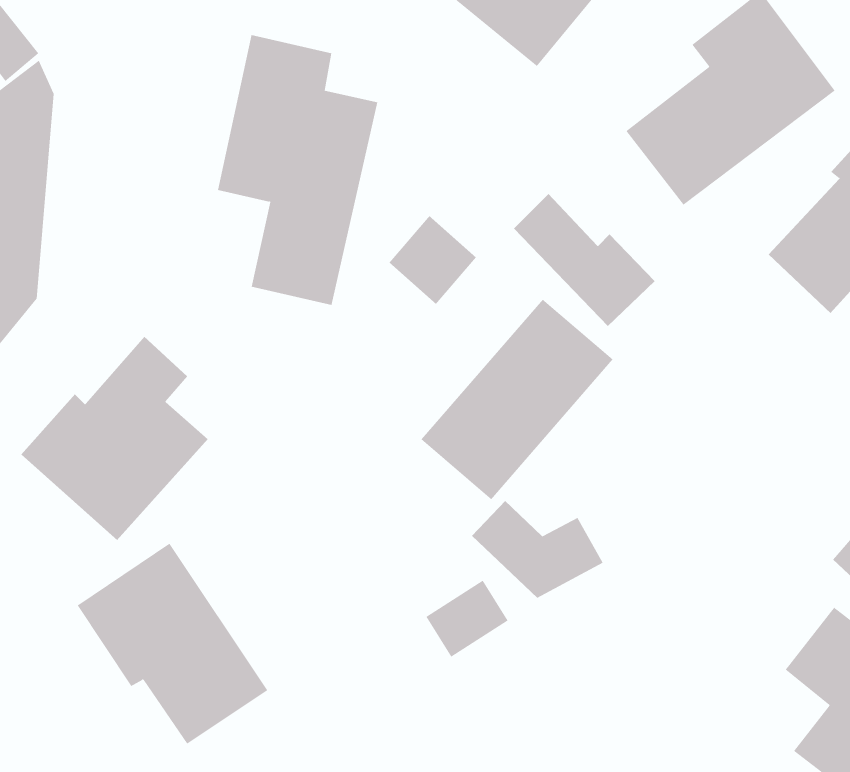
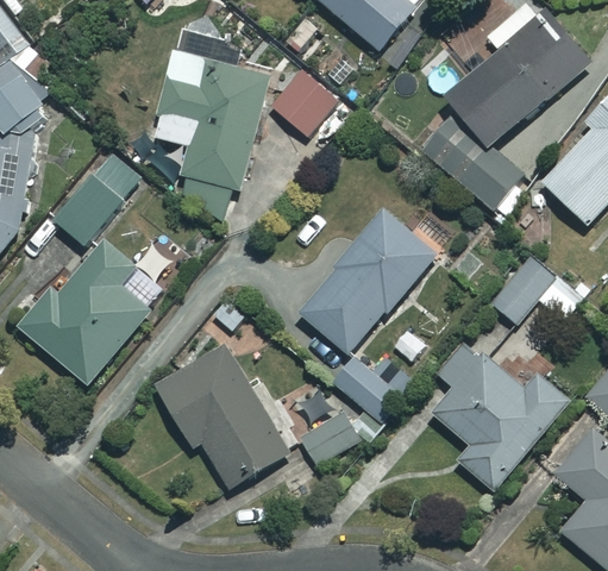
building: [513,193,655,327] -> [428,128,528,222]
building: none -> [51,150,142,244]
building: [389,215,477,305] -> [274,73,336,136]
building: none -> [491,257,581,322]
building: none -> [432,339,568,489]
building: [77,543,268,744] -> [155,346,289,488]

